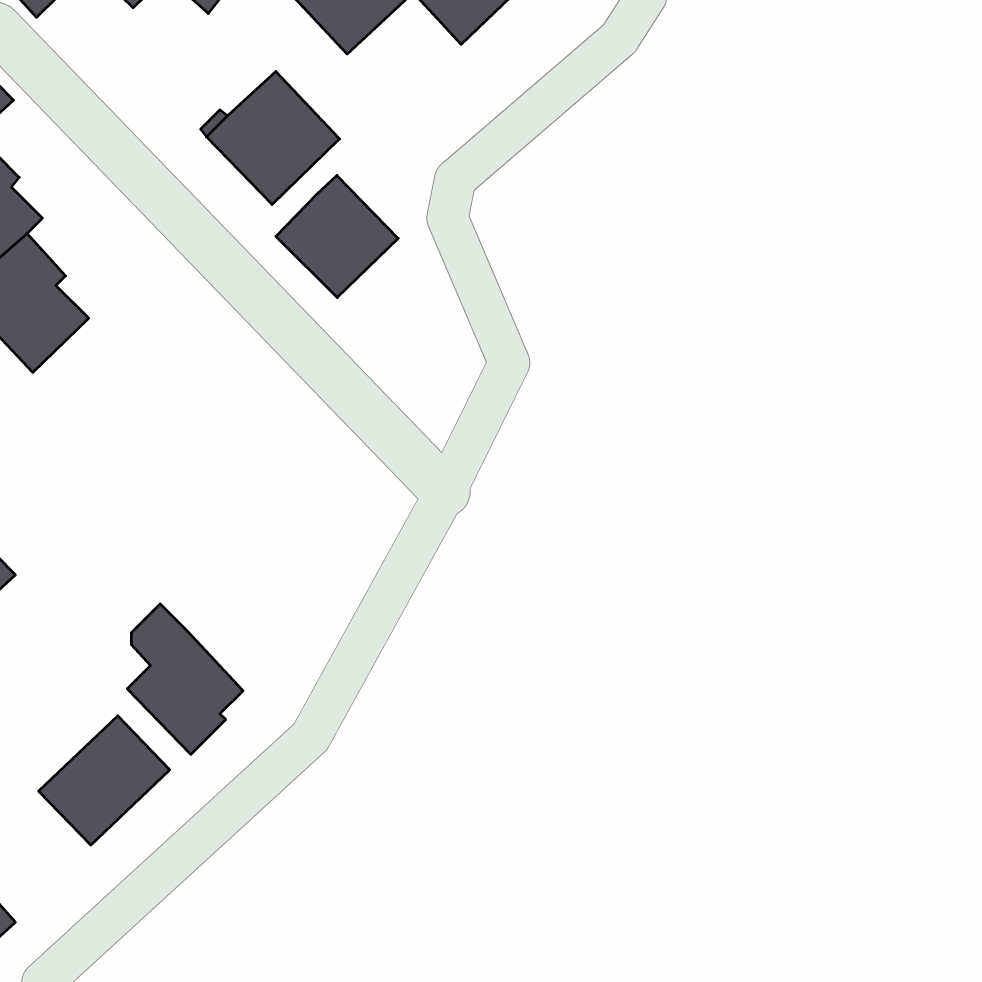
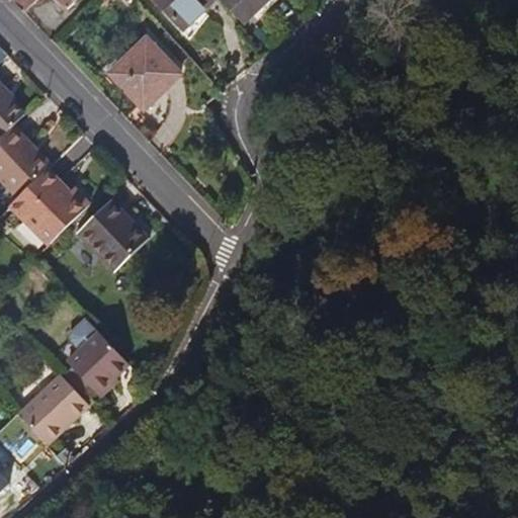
building: [276,175,398,298] -> none
building: none -> [8,167,88,244]
building: none -> [76,199,147,269]

